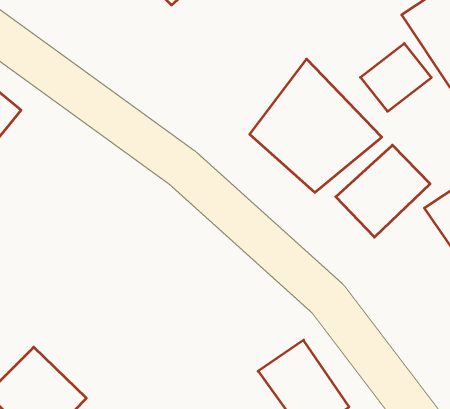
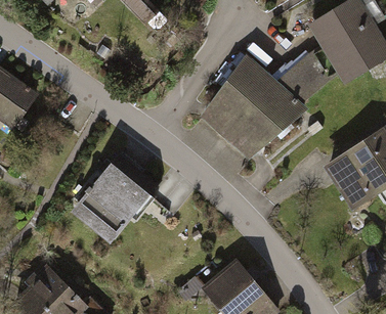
building: [336,145,430,237] -> none
building: none -> [75,162,154,240]

